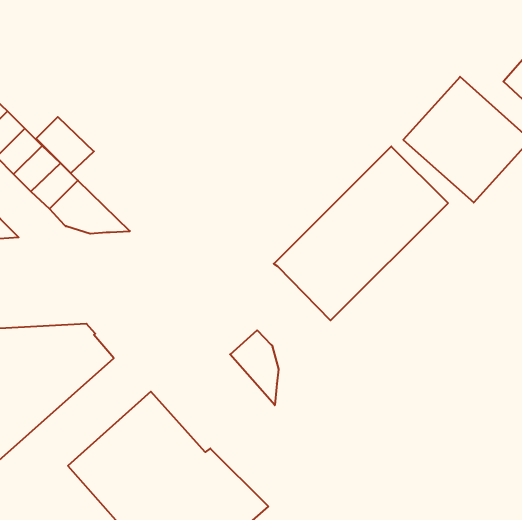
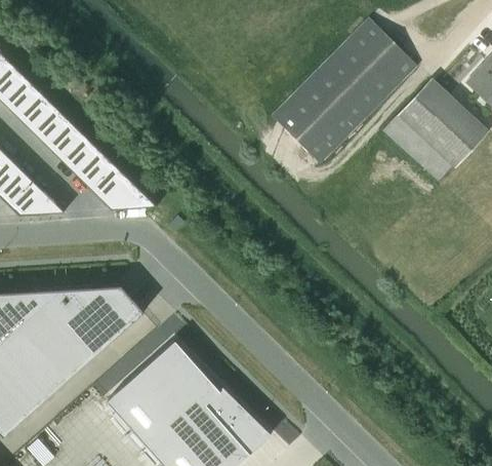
building: [36,117,94,173] -> none
building: [274,146,448,320] -> [271,18,415,163]
building: [230,330,278,405] -> none

